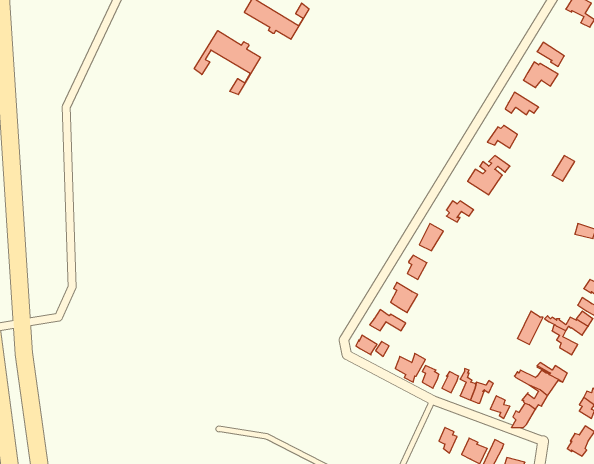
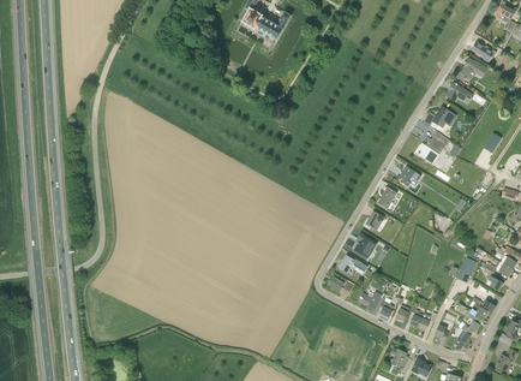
building: [194,31,261,95] -> none

